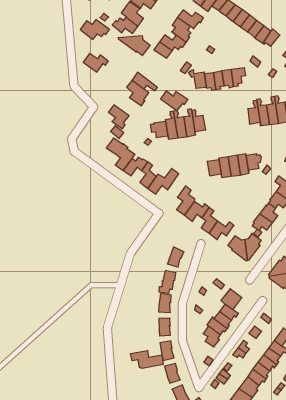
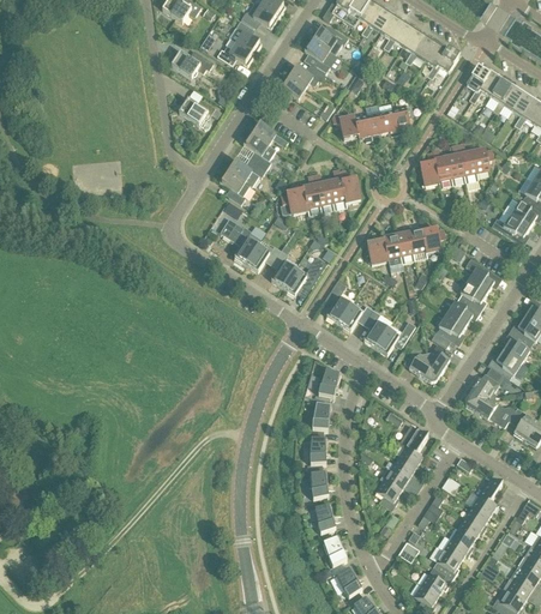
building: [118,36,150,56] -> none
building: [161,91,188,111] -> [227,157,266,185]
building: [131,350,163,368] -> none

